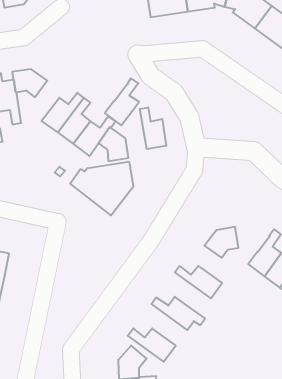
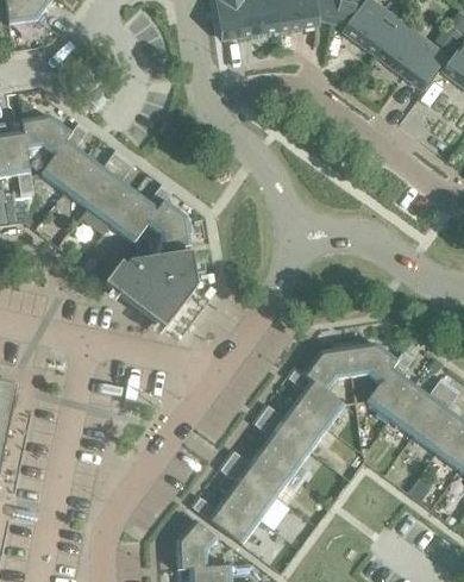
building: [105,78,139,125] -> [39,123,89,192]
building: [140,107,166,149] -> none
building: none -> [346,343,397,383]
building: none -> [286,367,345,428]
building: none -> [251,413,311,481]
building: none -> [218,459,276,520]

